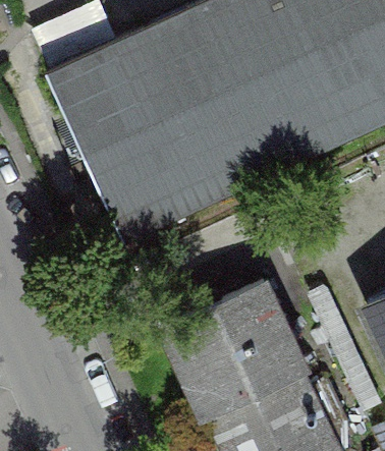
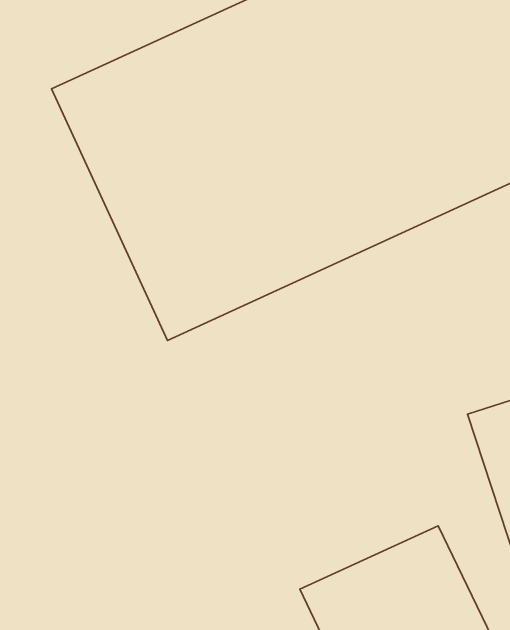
building: [167,282,310,417] -> none

